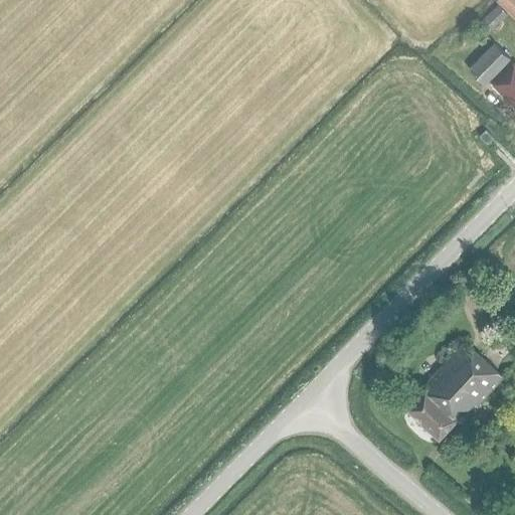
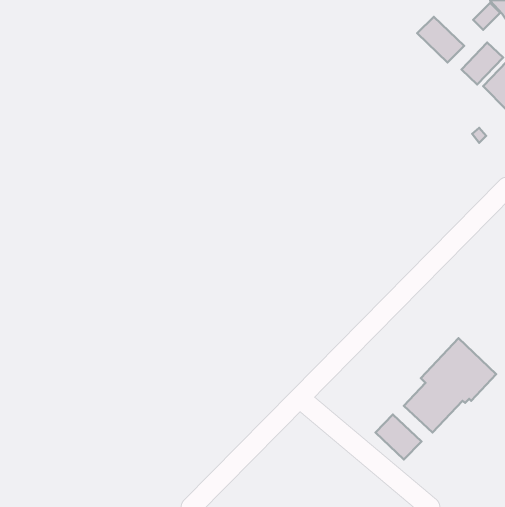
building: none -> [417,17,464,63]
building: none -> [375,414,421,460]

